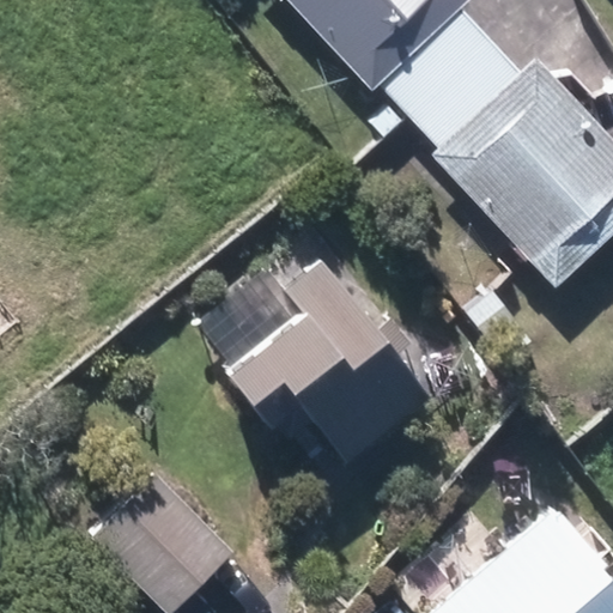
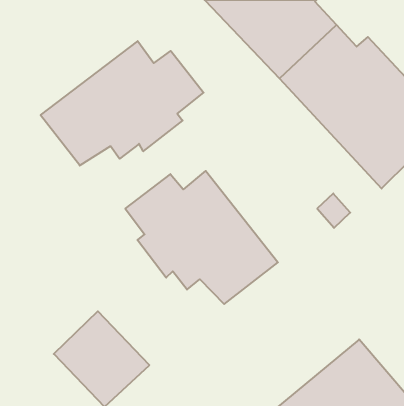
building: none -> [41,41,204,166]

